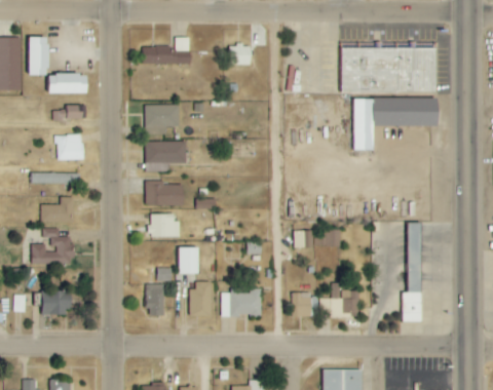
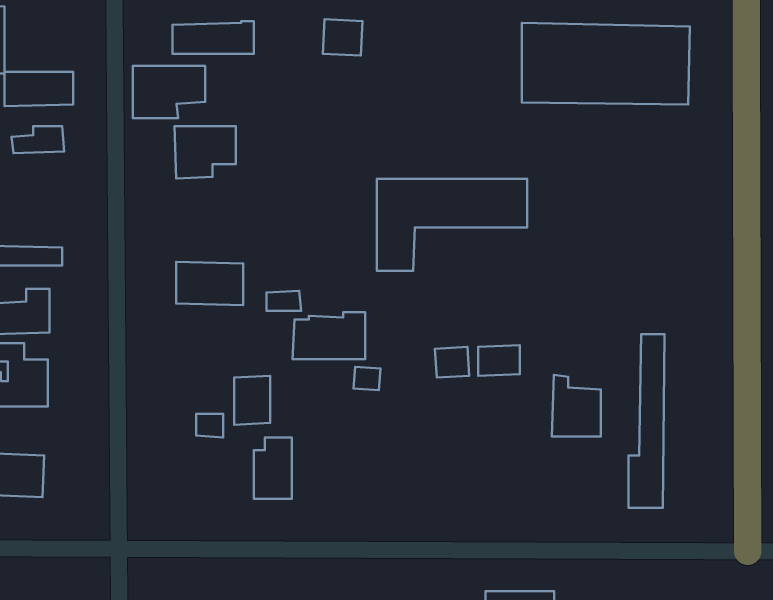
building: [353,98,439,150] -> [377,179,527,271]
building: [55,134,83,160] -> none
building: [145,142,186,171] -> [133,66,205,118]
building: [149,213,179,237] -> none
building: [332,282,359,317] -> [552,375,601,436]
building: [147,284,165,316] -> none
building: [221,288,262,315] -> [293,312,365,359]
building: [293,291,312,317] -> none

